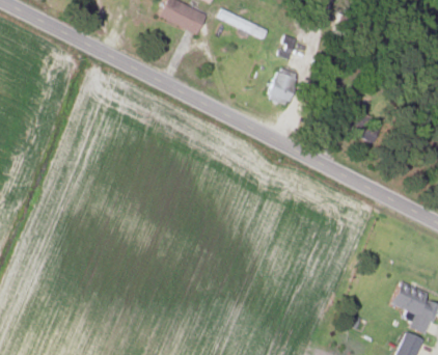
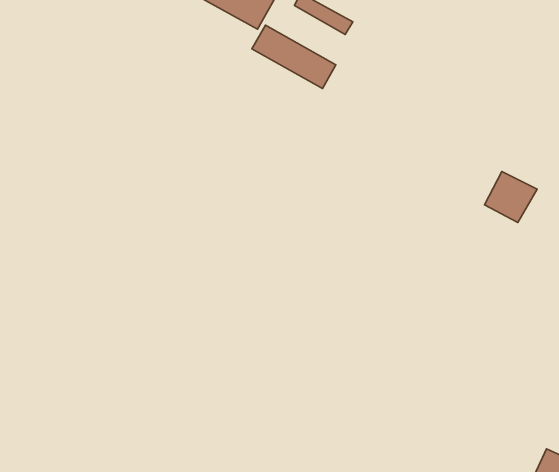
building: none -> [252,25,336,88]
building: [270,69,297,106] -> none

